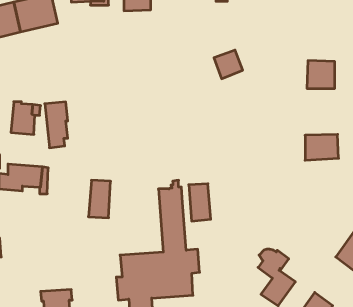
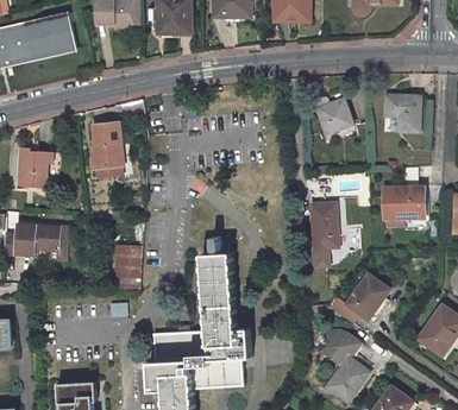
building: [214,50,243,79] -> [315,100,351,135]
building: [45,102,68,148] -> [93,120,121,177]
building: [189,184,211,221] -> [310,204,338,251]
building: none -> [347,275,390,316]

